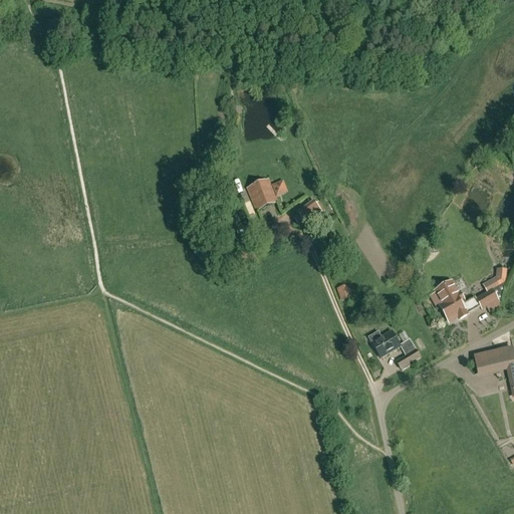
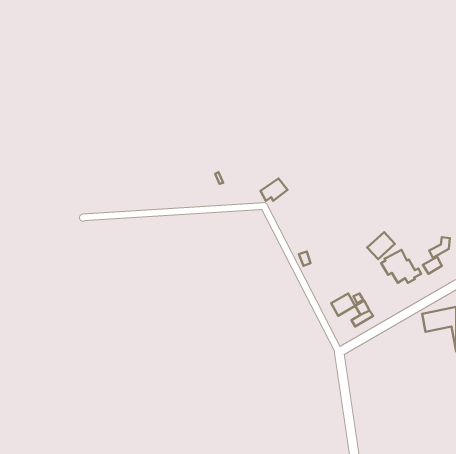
building: [248,179,277,209] -> none
building: none -> [367,232,395,259]

